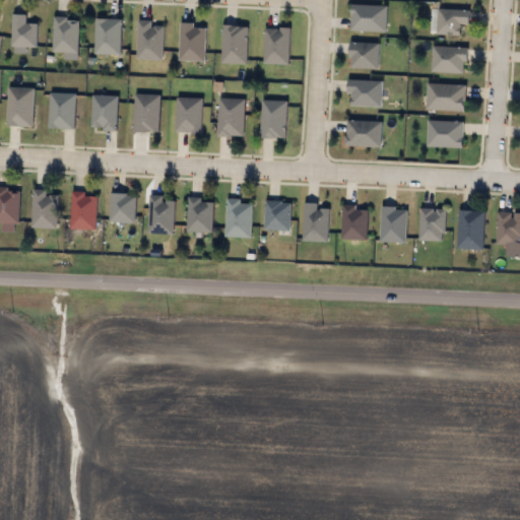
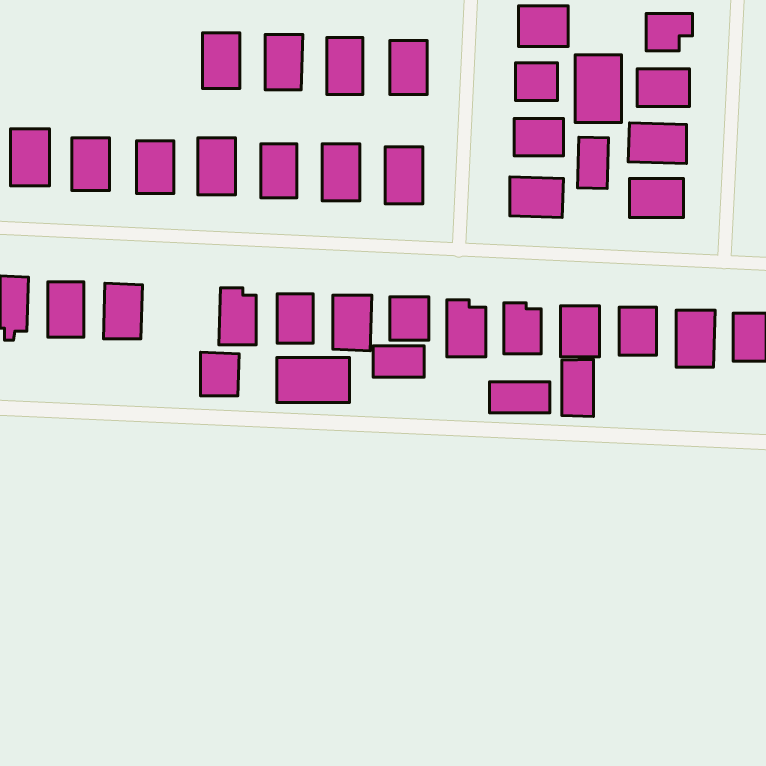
building: [12,13,37,47] -> none
building: [53,16,79,53] -> none
building: [95,19,121,54] -> none
building: none -> [575,55,622,122]
building: none -> [577,137,608,189]
building: [110,193,136,222] -> [200,352,239,396]
building: none -> [373,346,424,377]
building: none -> [277,358,350,403]
building: none -> [562,360,593,417]
building: none -> [490,382,550,413]

